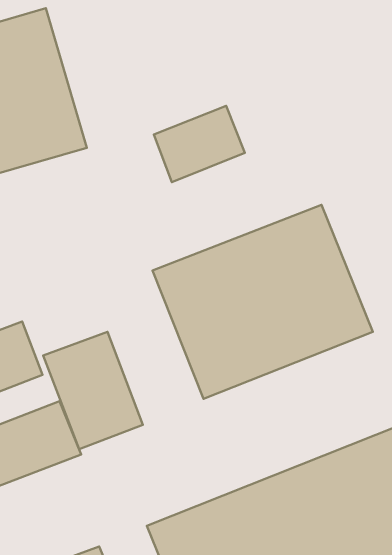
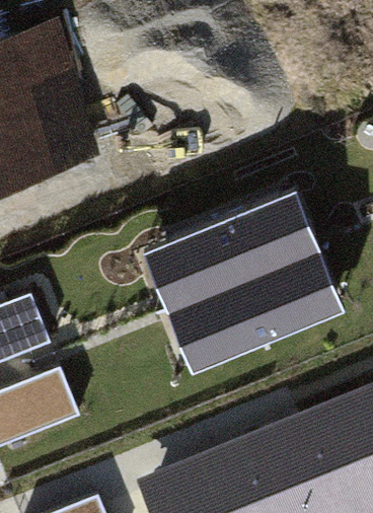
building: [154,106,245,182] -> none
building: [43,332,143,449] -> none

